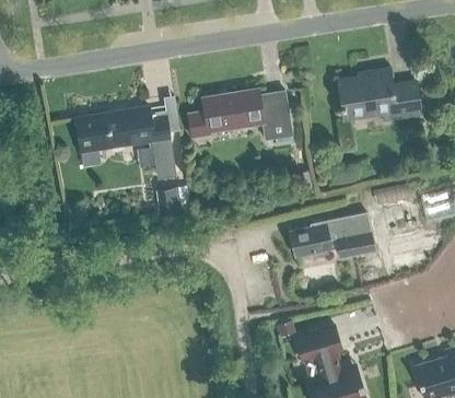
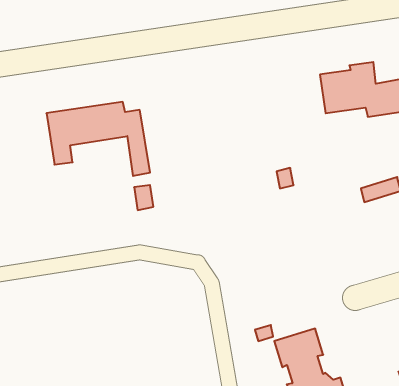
building: [188,90,292,140] -> none
building: [290,213,374,257] -> none

